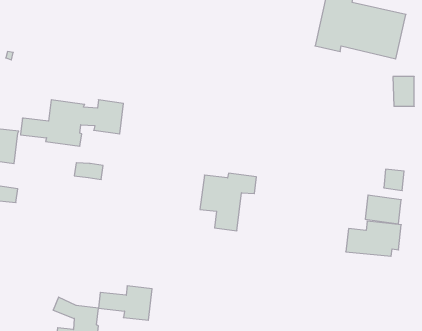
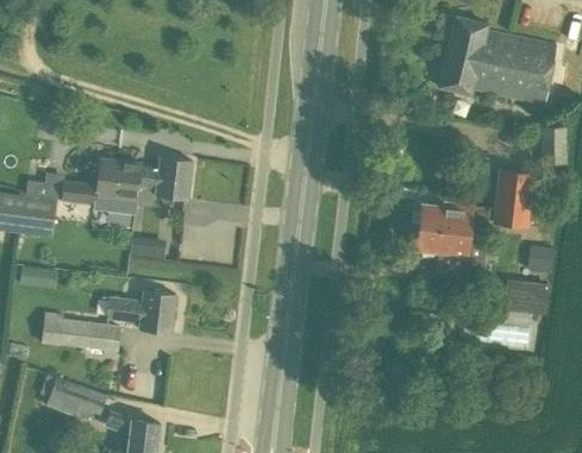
building: none -> [493,170,534,227]
building: [200,173,256,231] -> [417,202,489,276]
building: none -> [40,312,120,358]
building: none -> [40,372,106,420]
building: [98,286,152,320] -> [107,289,176,333]

